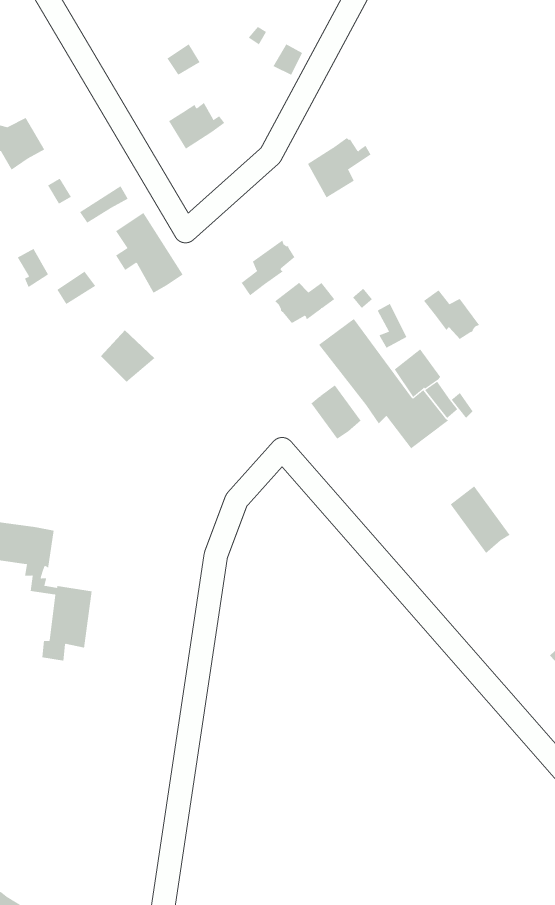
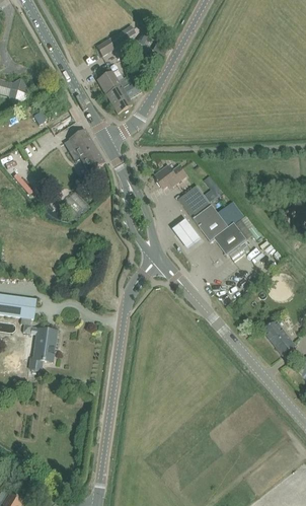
building: [307,137,372,198] -> [105,81,140,114]
building: [241,240,295,296] -> none
building: [423,290,480,340] -> none
building: [450,486,511,554] -> [262,320,295,357]

